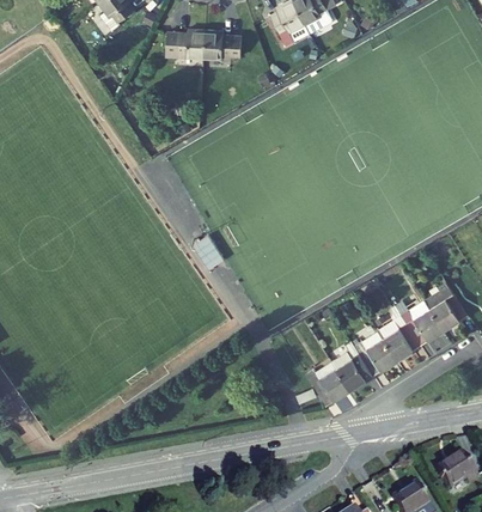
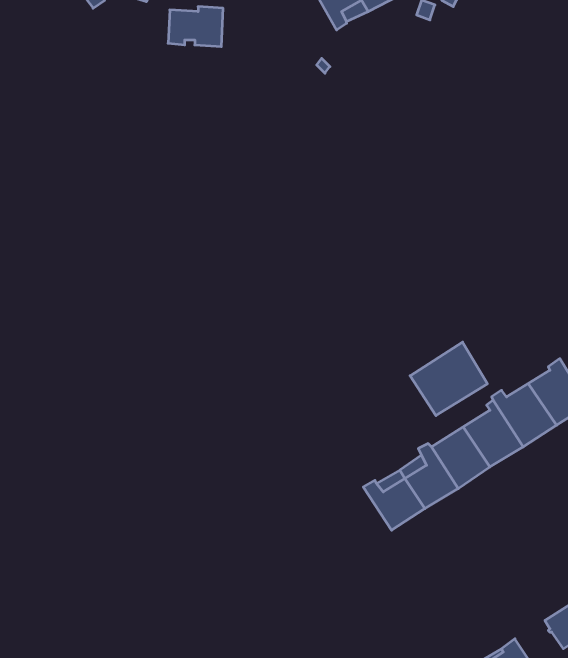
building: [206,30,243,59] -> none
building: none -> [410,342,487,416]

